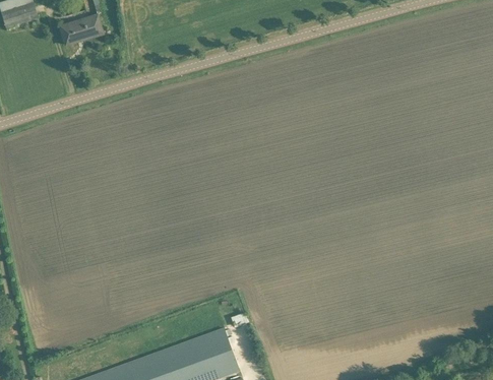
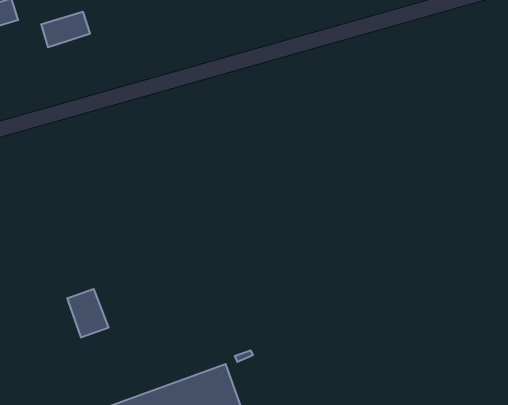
building: none -> [67,289,108,338]

